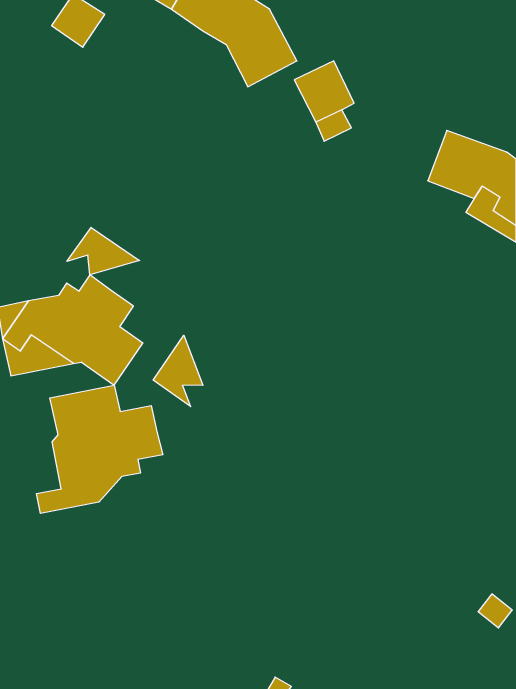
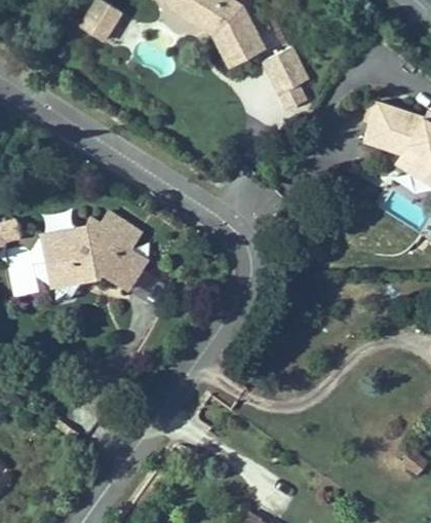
building: [67,227,140,275] -> none
building: [153,335,203,407] -> none
building: [36,385,163,513] -> none

